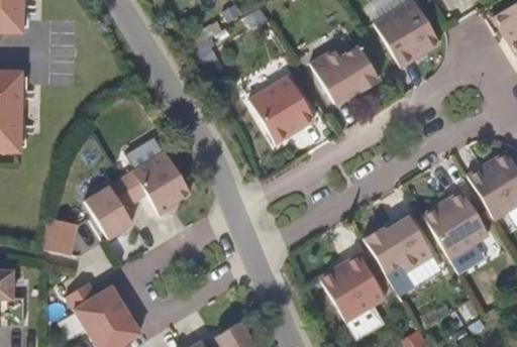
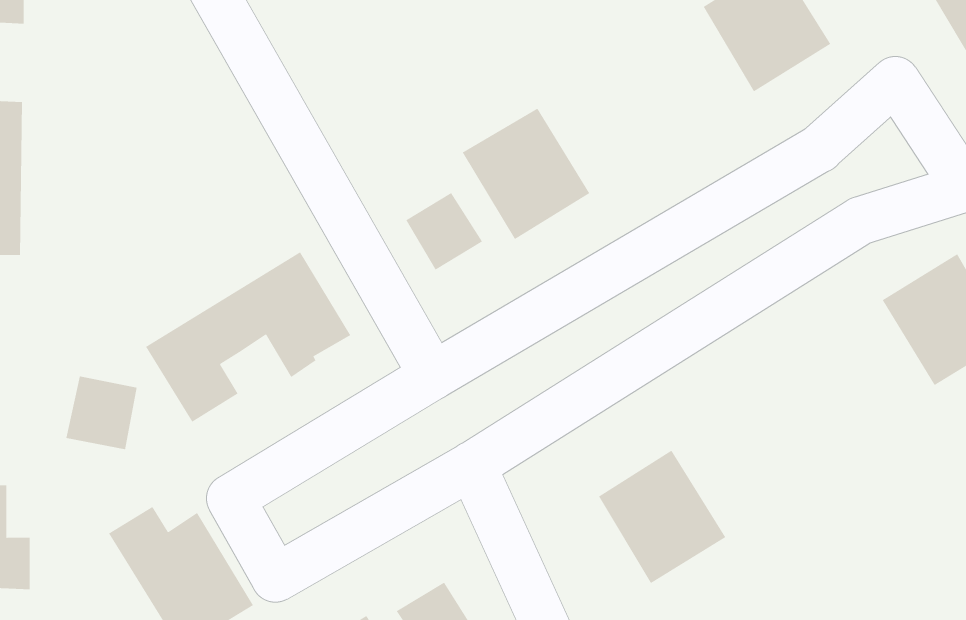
building: [311,37,380,104] -> none
building: none -> [406,192,483,270]
building: [423,191,490,259] -> none
building: [365,216,435,283] -> none

